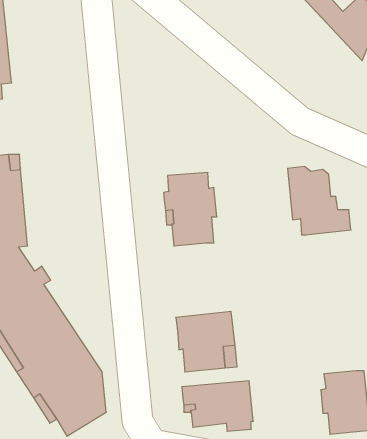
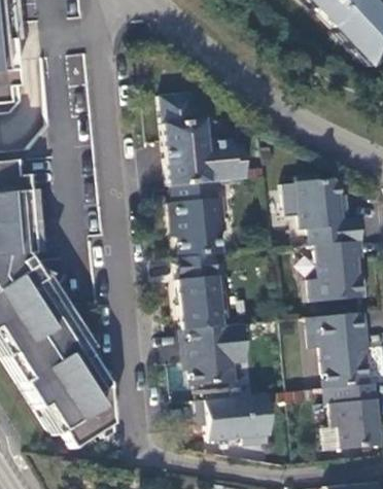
building: none -> [160,91,246,184]
building: none -> [310,239,367,301]
building: none -> [176,252,229,328]
building: none -> [309,311,367,387]

